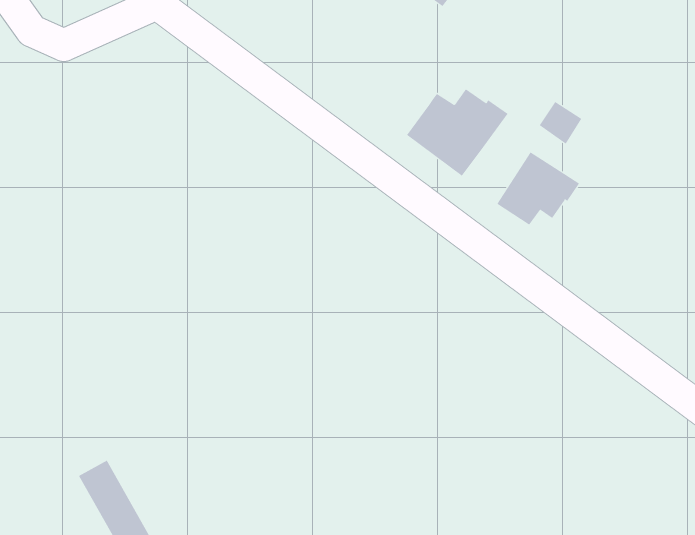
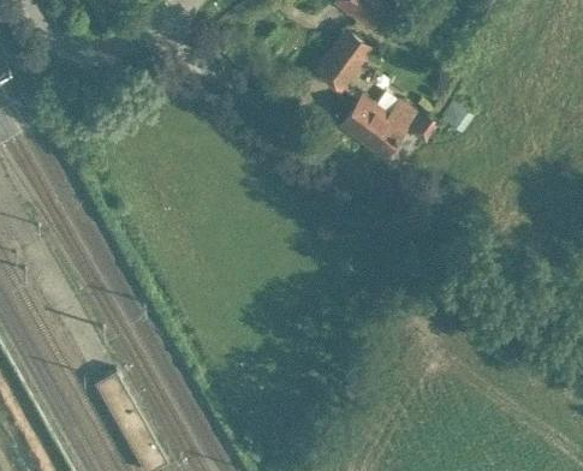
building: none -> [315,31,370,91]
building: [497,151,580,225] -> none

